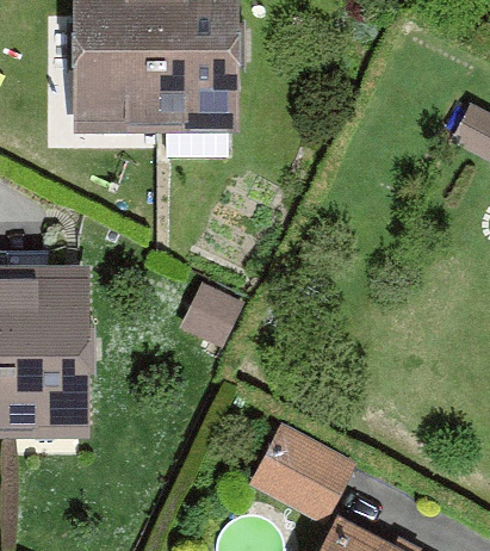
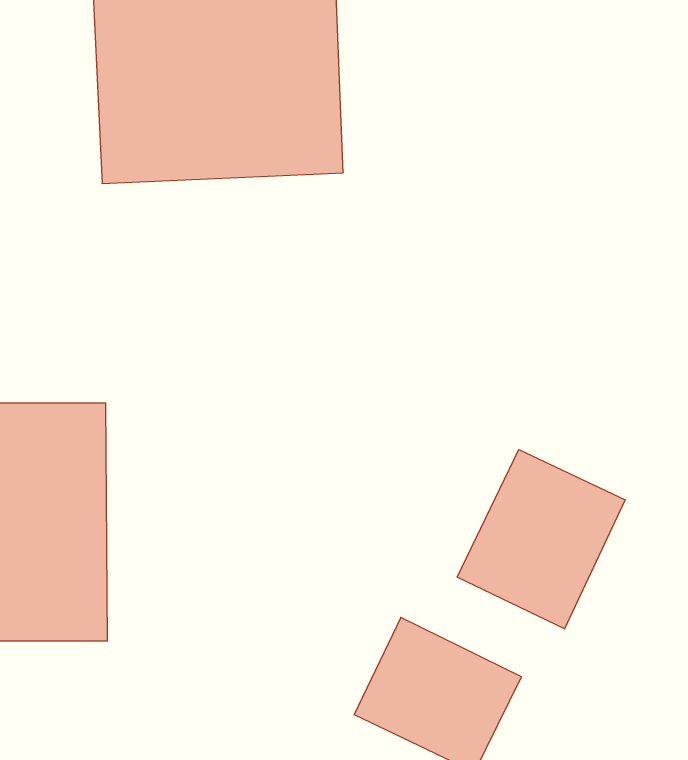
building: none -> [457,450,625,629]

